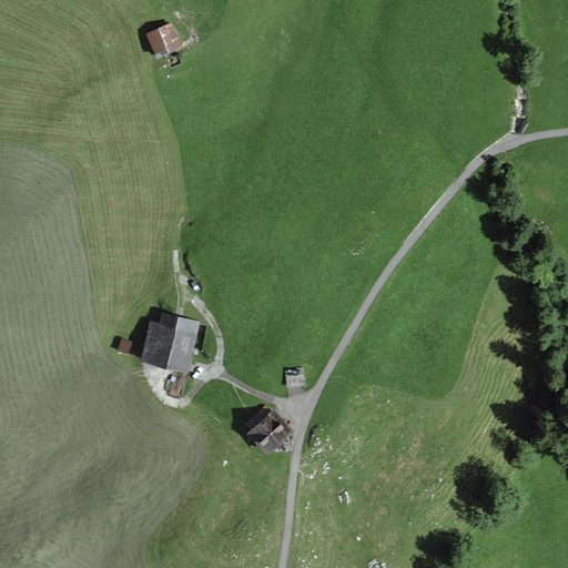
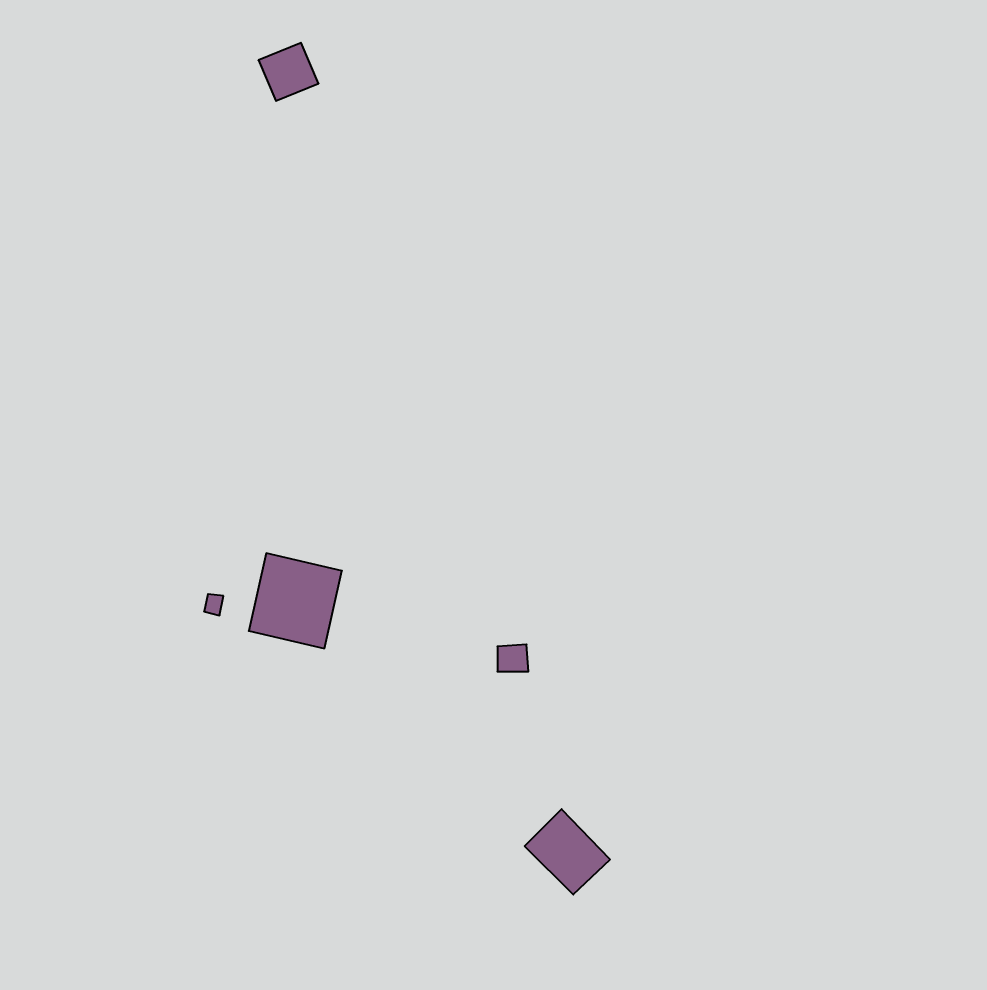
building: [244,406,293,455] -> [525,809,610,895]

